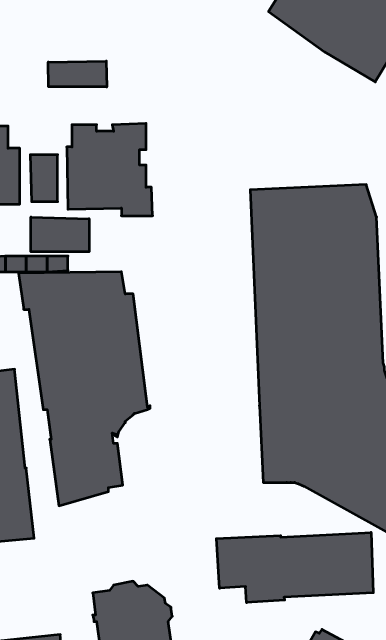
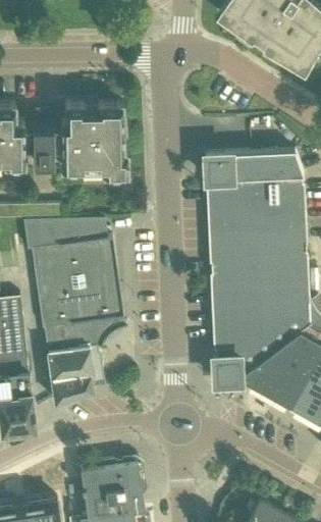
building: [48,61,107,87] -> none
building: [31,217,89,252] -> none
building: [216,532,373,603] -> none

